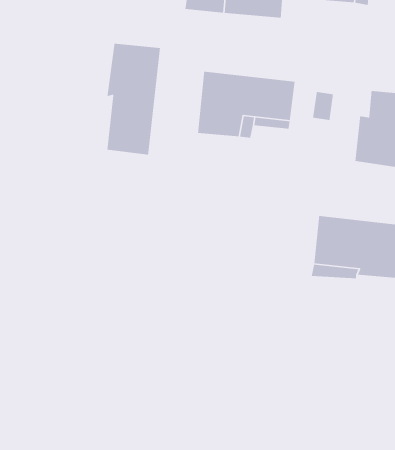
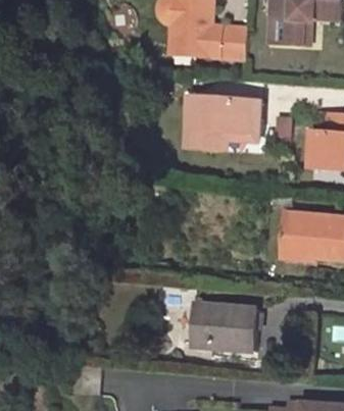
building: [106,43,161,155] -> none
building: none -> [188,303,257,353]

